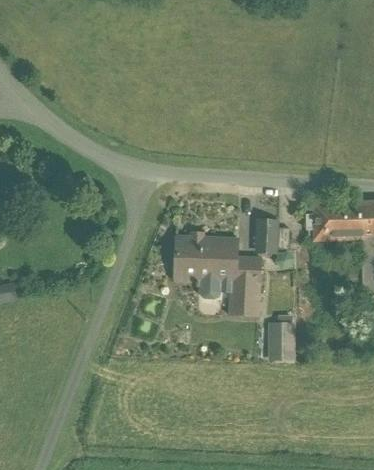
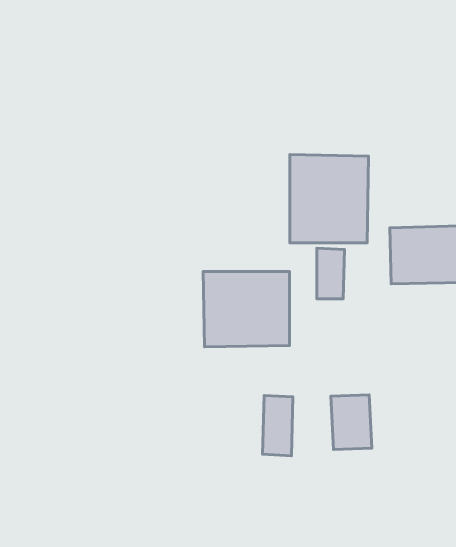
building: none -> [290,155,369,243]
building: [237,274,259,318] -> [263,395,293,456]

